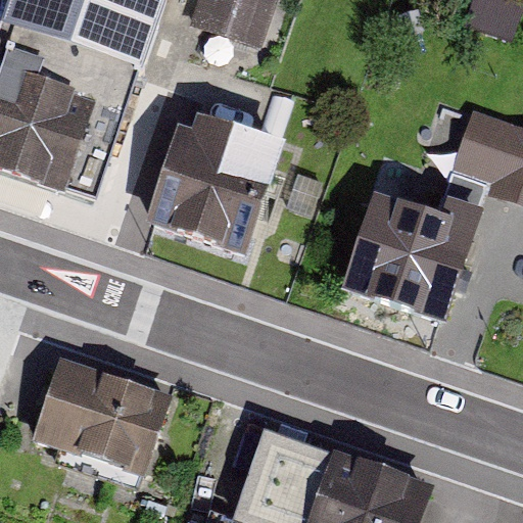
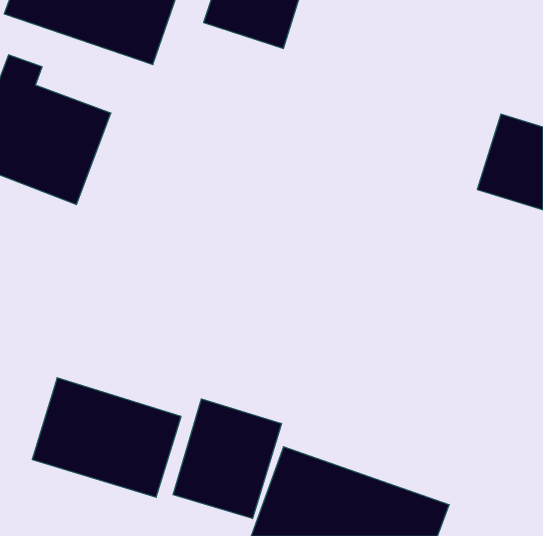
building: [139,113,278,254] -> none
building: [345,187,477,322] -> none
building: none -> [173,399,281,519]

